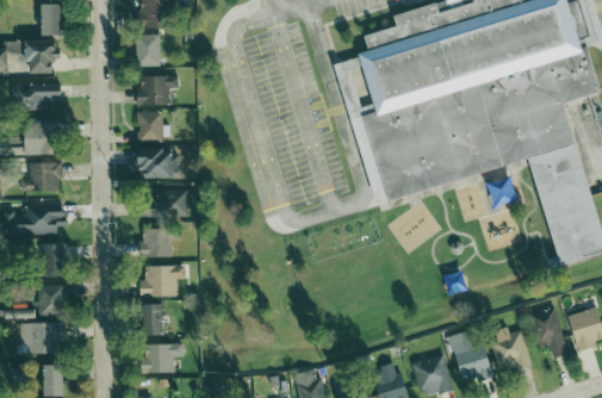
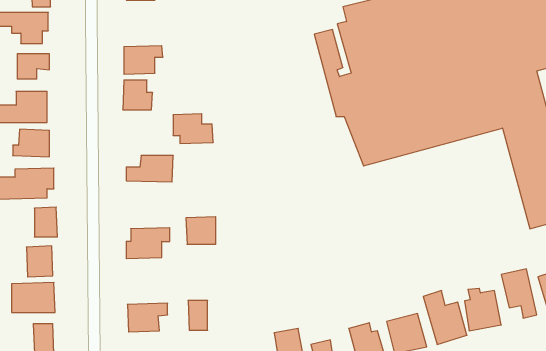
building: [135,33,159,66] -> none
building: [138,147,180,178] -> [173,114,213,143]
building: [139,228,170,256] -> [186,217,216,244]
building: [143,304,163,335] -> [188,300,208,330]

